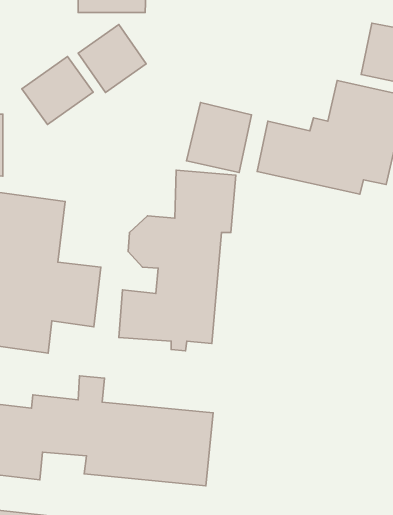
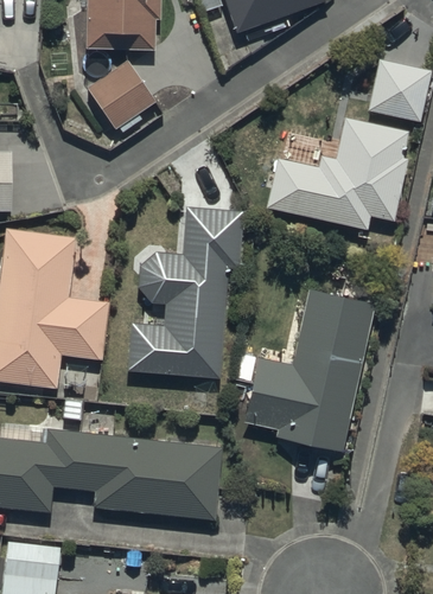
building: [22,56,93,124] -> none
building: [186,103,252,172] -> none
building: none -> [242,288,375,452]

